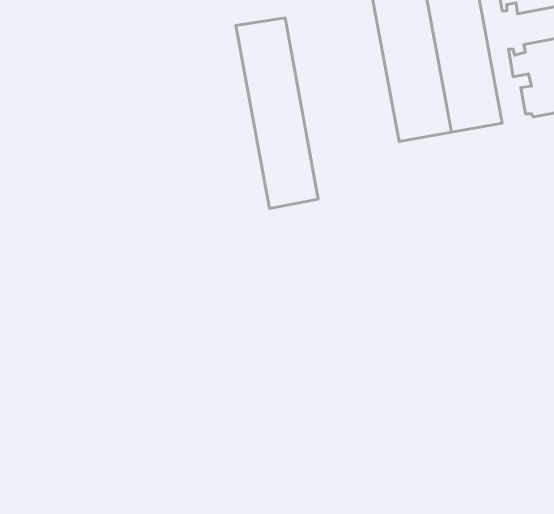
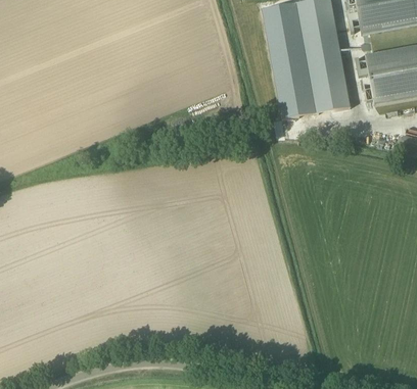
building: [236,18,318,208] -> none

